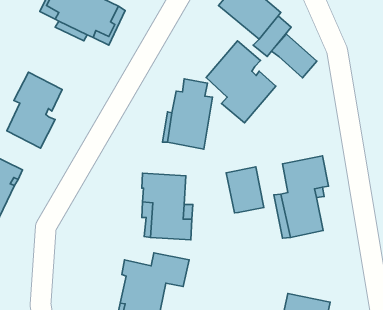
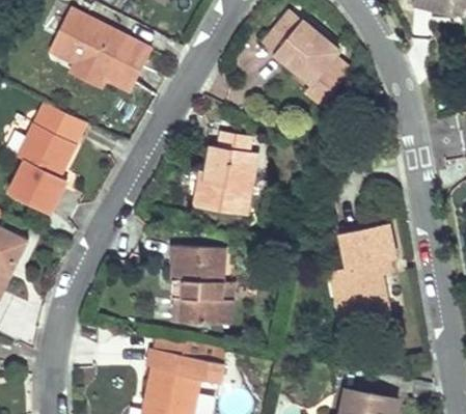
building: [271,34,317,78] -> none
building: [206,41,276,123] -> none
building: none -> [35,103,86,143]
building: [226,167,264,213] -> none

